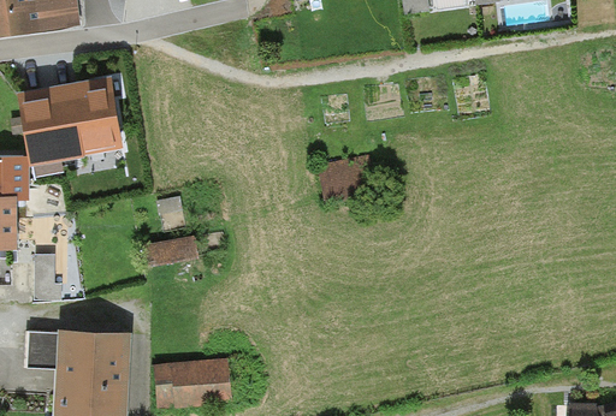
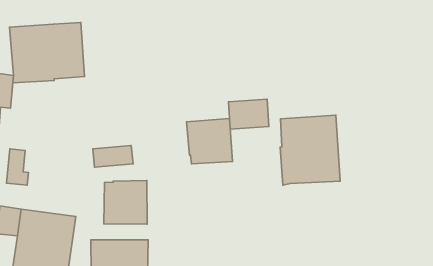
building: none -> [280,115,340,185]
building: none -> [187,119,232,164]
building: none -> [104,181,147,224]

